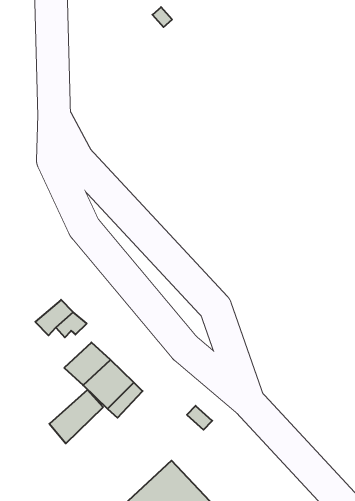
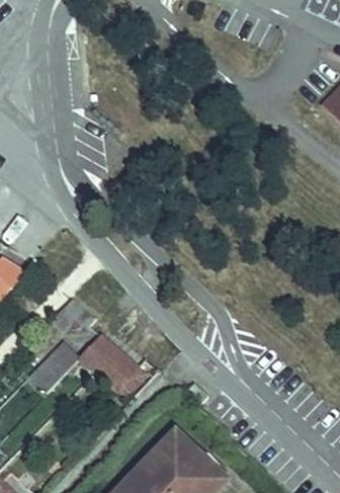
building: [49,390,103,443] -> [31,344,77,392]

